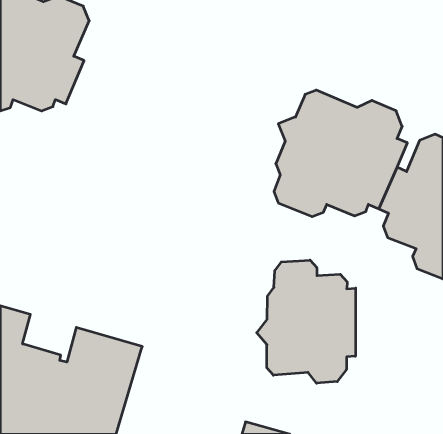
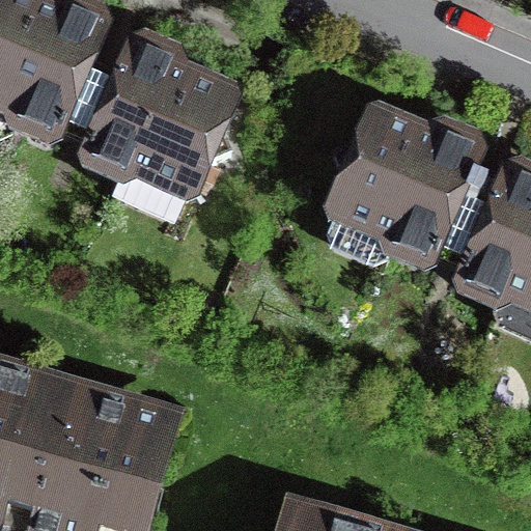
building: none -> [79,35,235,213]
building: [257,260,356,383] -> none

